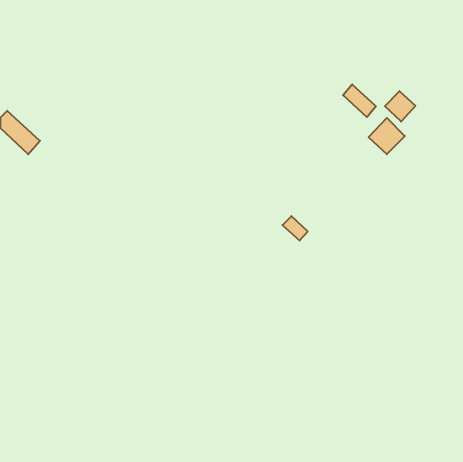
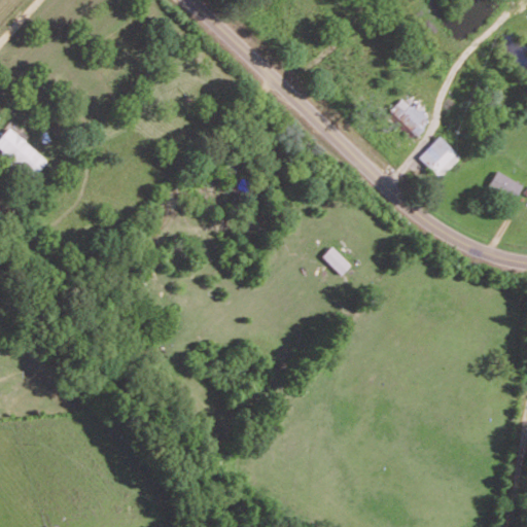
building: [385,91,415,122] -> none
building: none -> [489,173,522,198]

